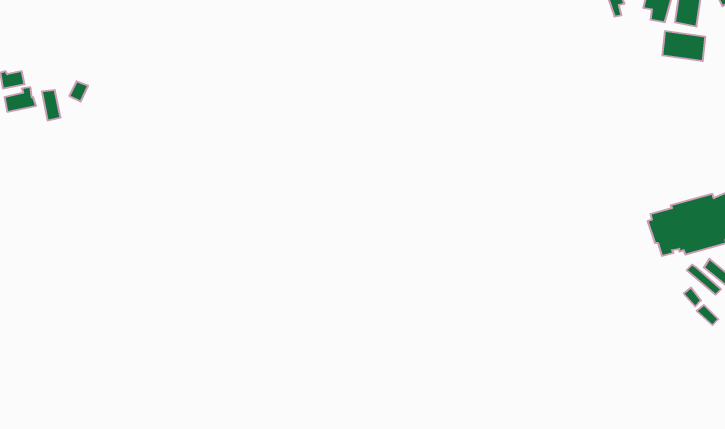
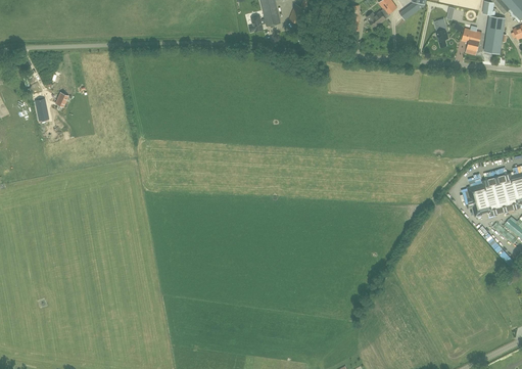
building: [663,31,705,61] -> none

